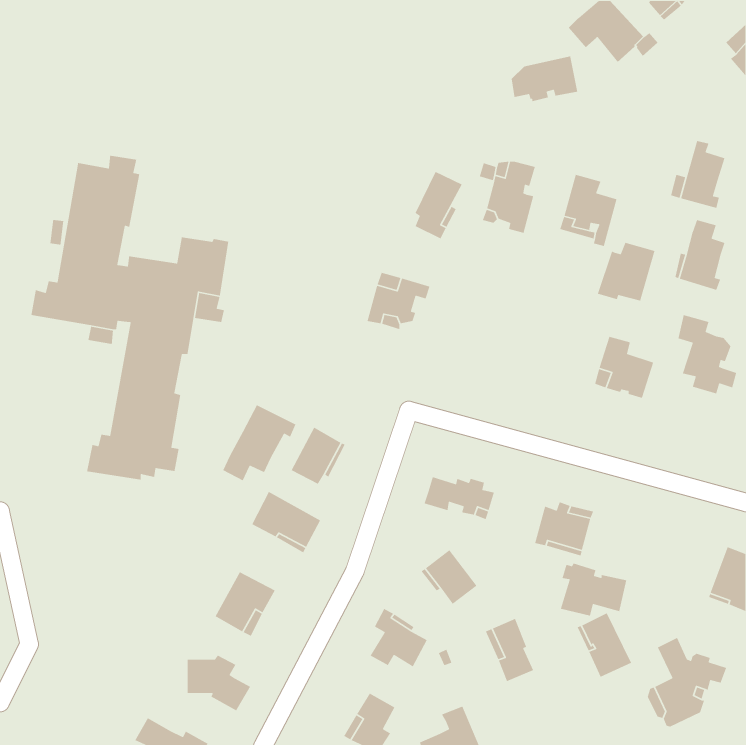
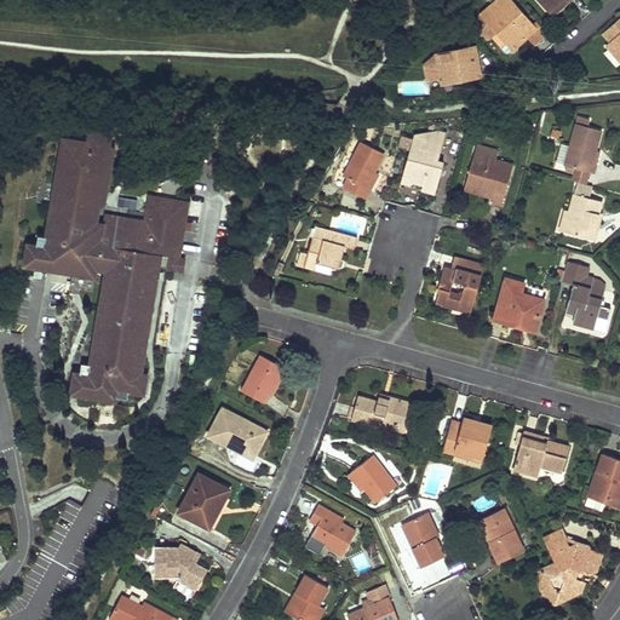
building: [597,242,655,302] -> [436,260,484,310]
building: [222,404,296,482] -> none
building: [560,562,627,616] -> [513,431,569,476]

